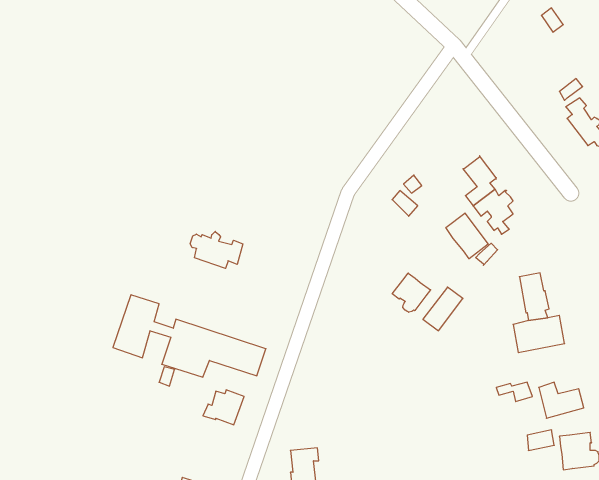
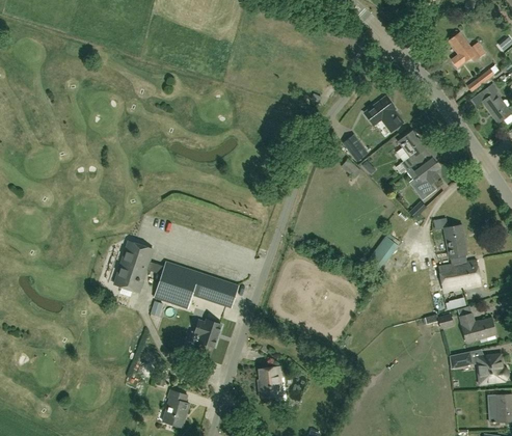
building: none -> [449,33,485,66]
building: none -> [366,97,402,129]
building: [446,213,488,259] -> none
building: [190,231,243,268] -> none
building: [392,273,431,312] -> none

